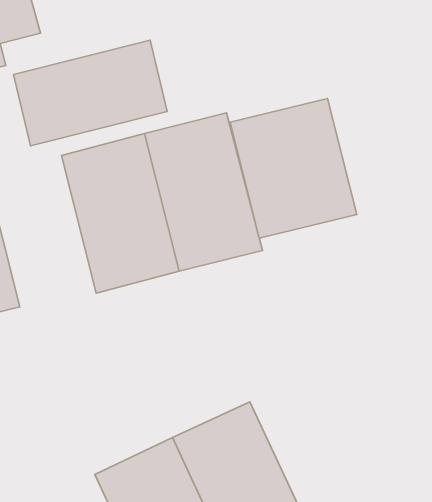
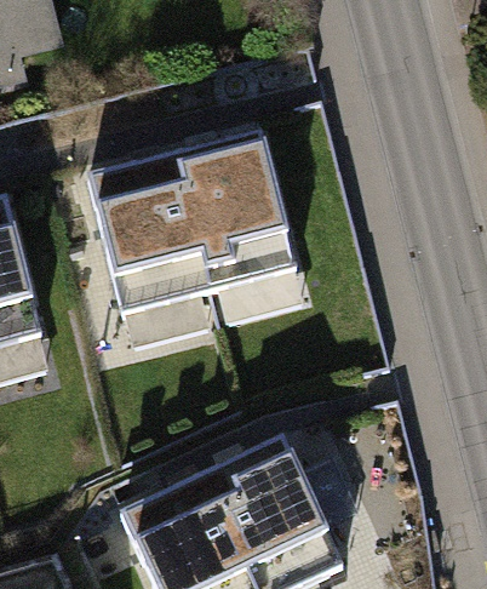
building: [13,40,167,146] -> none
building: [230,98,357,238] -> none

